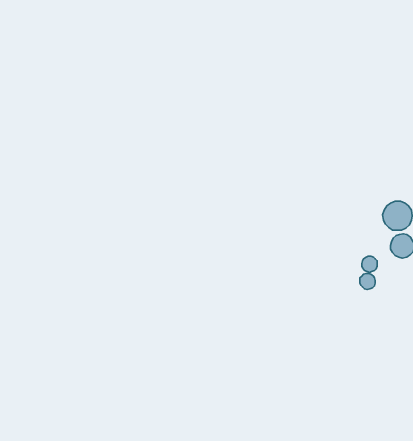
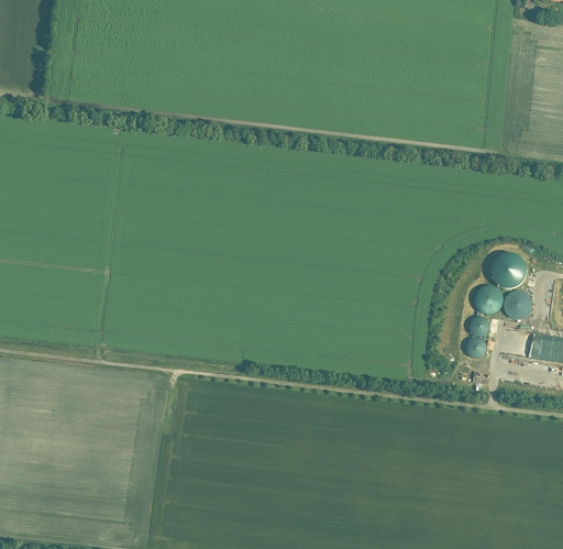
building: none -> [473,285,503,314]

